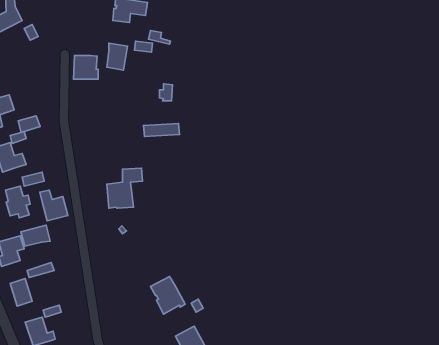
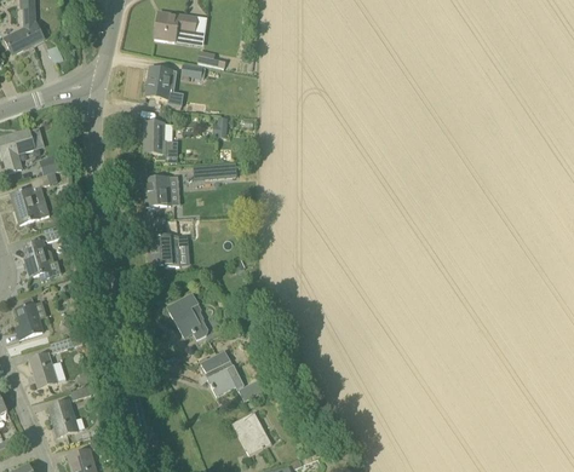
building: [73,55,98,79] -> [144,122,174,151]
building: none -> [144,175,171,206]
building: [40,190,68,221] -> none
building: [21,225,50,246] -> none
building: none -> [167,292,208,339]

